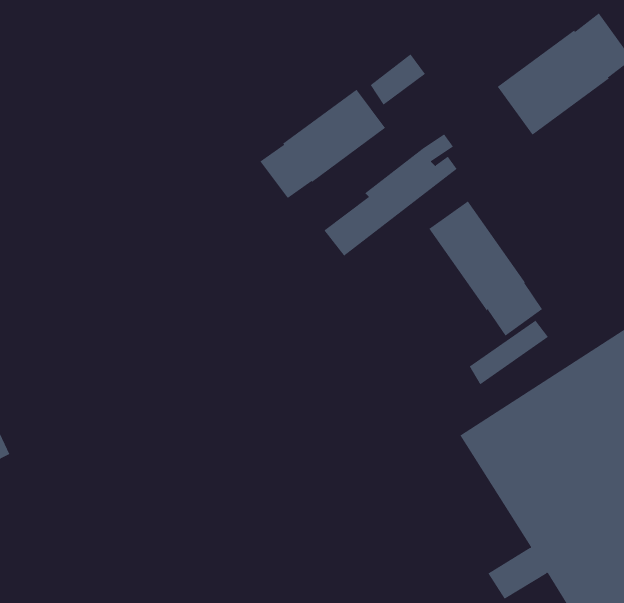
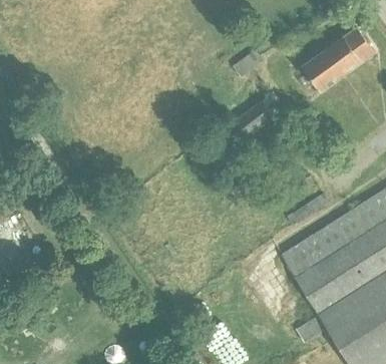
building: [259,89,386,199] -> none
building: [429,200,543,337] -> none

